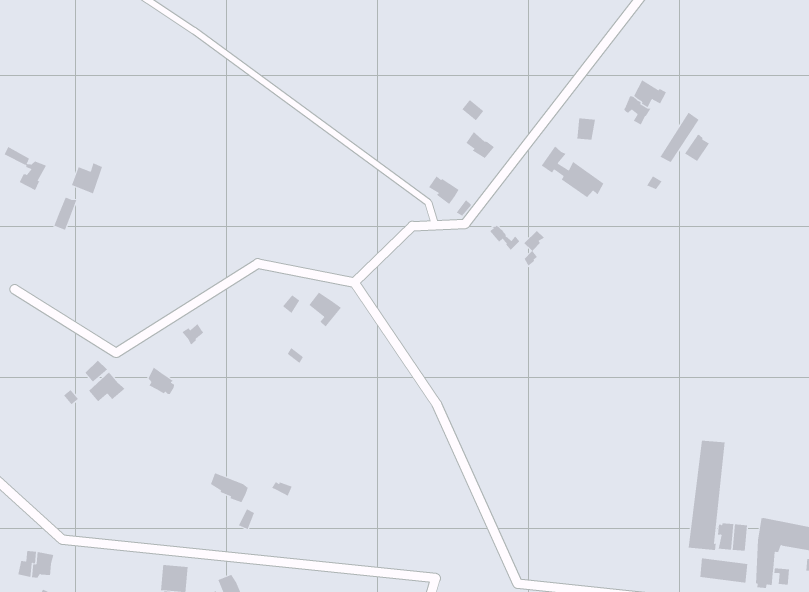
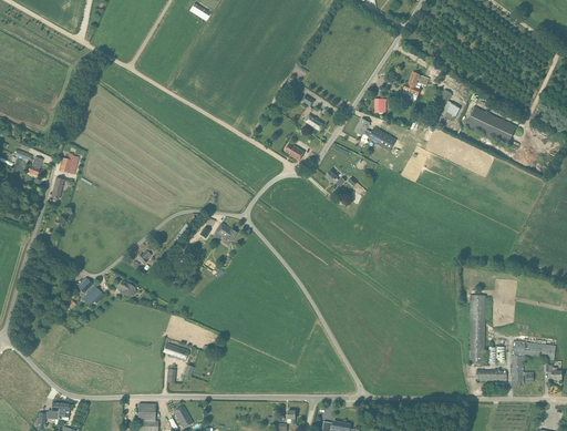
building: none -> [467,106,516,144]

